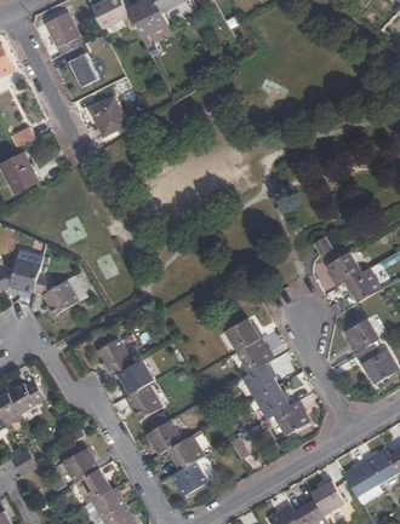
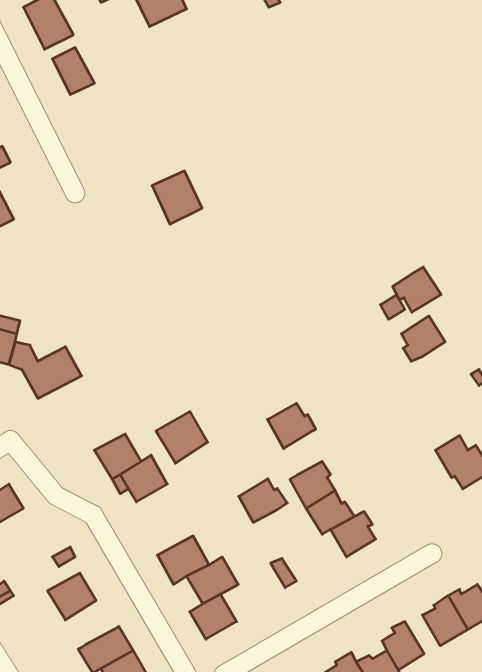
building: [88,97,126,137] -> [152,171,202,224]
building: [344,269,381,303] -> [393,267,441,312]
building: [345,319,378,353] -> none
building: [240,339,276,372] -> [239,479,287,522]
building: [124,382,162,421] -> [156,412,208,463]
building: [76,466,113,501] -> none

